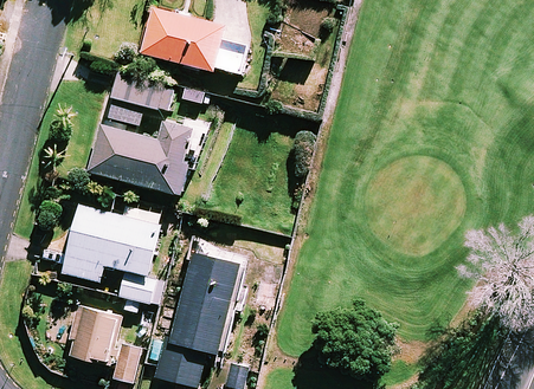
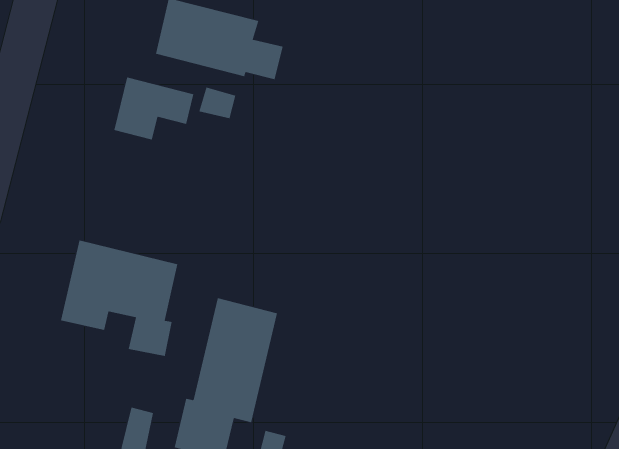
building: [86,122,194,196] -> none
building: [69,309,117,364] -> none

